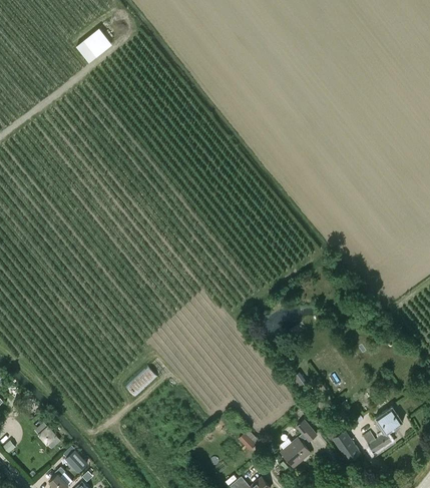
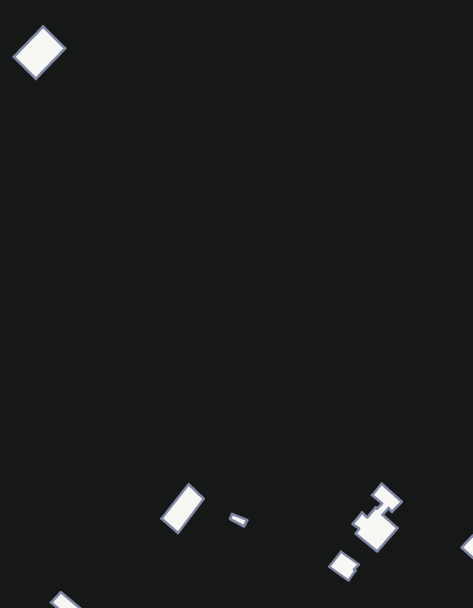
building: [279,420,316,467] -> [353,484,402,551]

